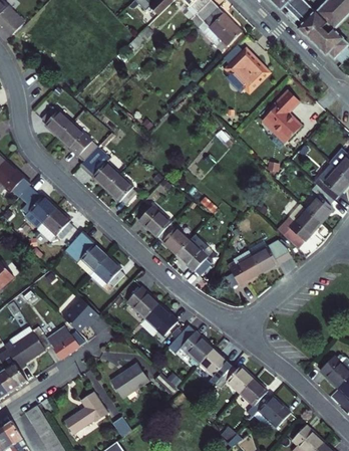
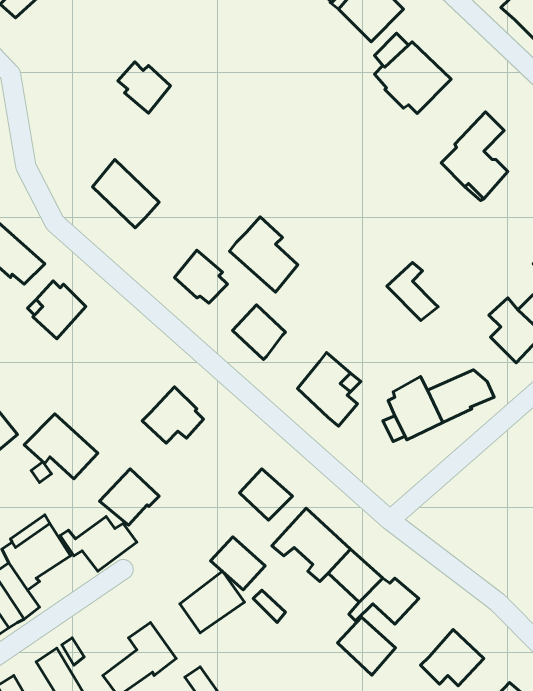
building: [40,104,71,135] -> [118,62,171,113]
building: [79,144,119,188] -> [229,217,298,292]
building: [35,205,71,239] -> none
building: [277,212,307,246] -> [387,262,438,320]
building: [160,222,192,253] -> none
building: [63,229,106,267] -> [24,414,98,479]
building: [125,283,157,314] -> [211,537,265,590]
building: [236,377,270,411] -> [338,617,396,675]

